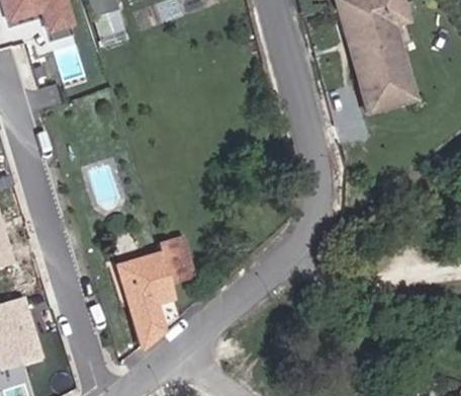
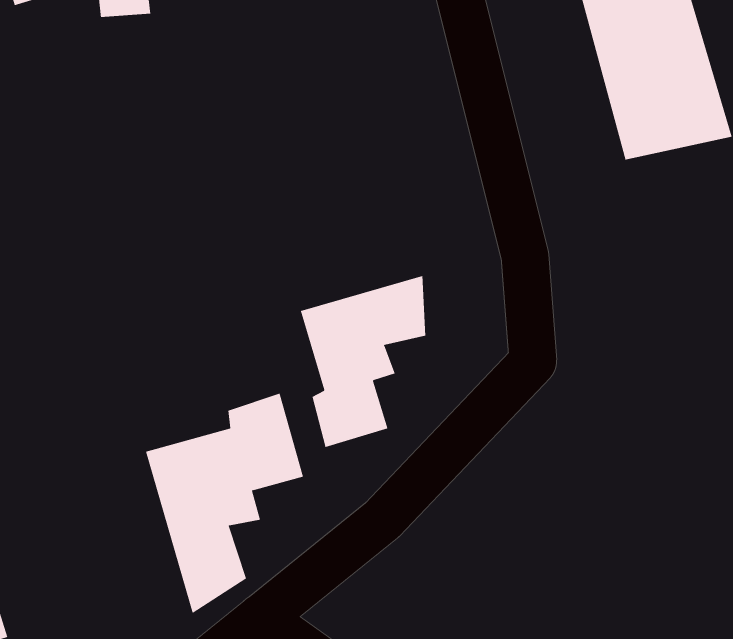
building: none -> [300,275,426,448]

